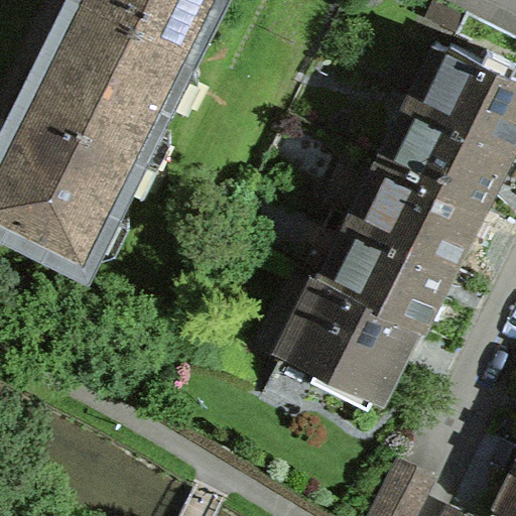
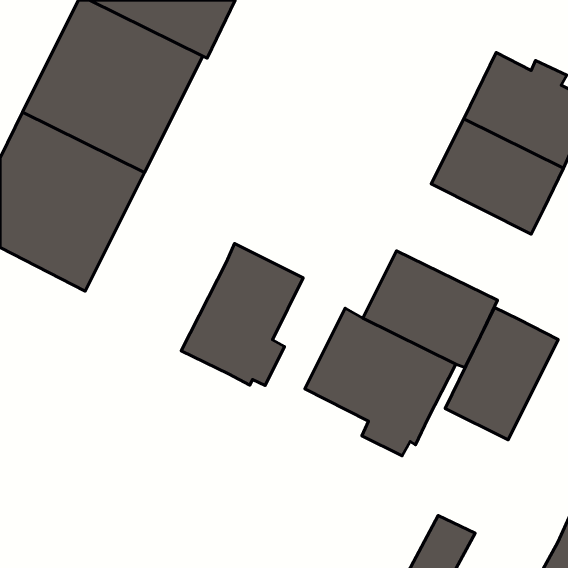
building: [361,169,482,274] -> none
building: none -> [181,244,303,385]
building: none -> [445,307,558,440]

